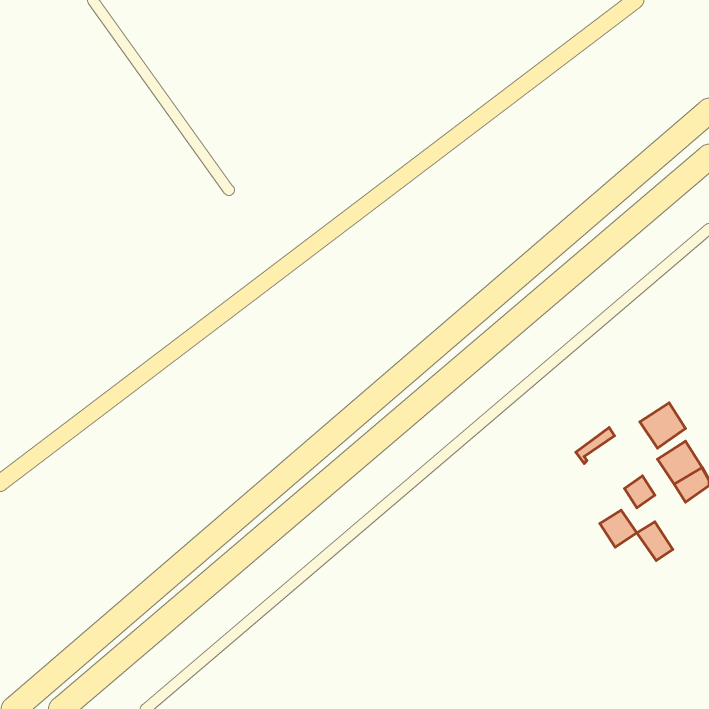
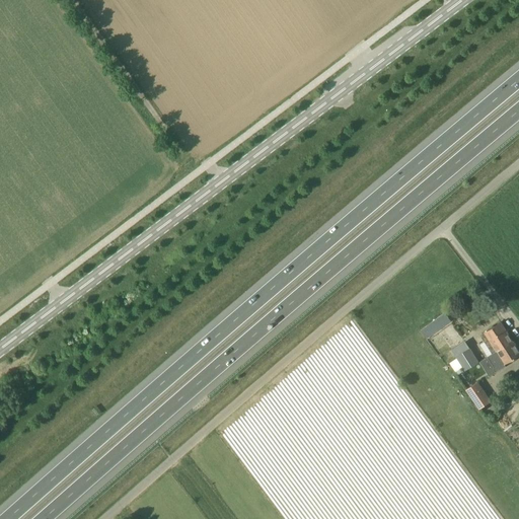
building: [640,403,686,448] -> none
building: [600,510,637,547] -> none

